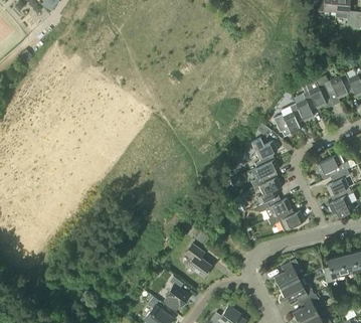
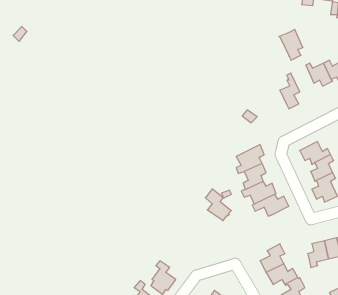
building: [305,78,329,110] -> [279,30,303,60]
building: [273,104,302,137] -> none
building: [250,138,278,168] -> none
building: [185,245,211,277] -> [205,189,231,221]

